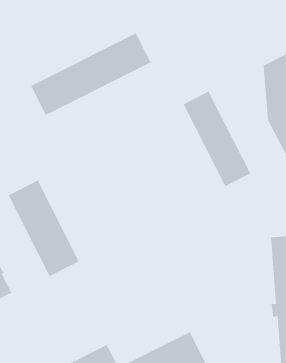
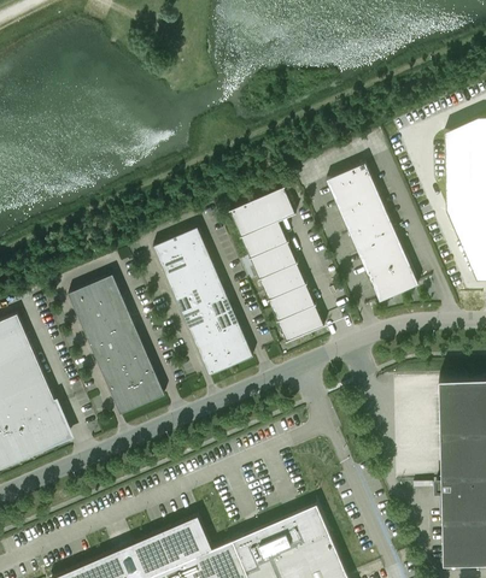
building: [30,32,151,116] -> none
building: none -> [229,188,326,343]
building: none -> [153,229,253,377]

